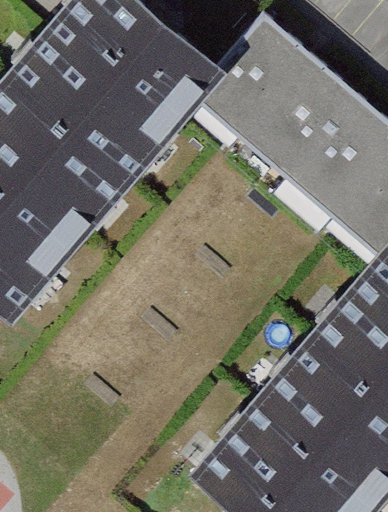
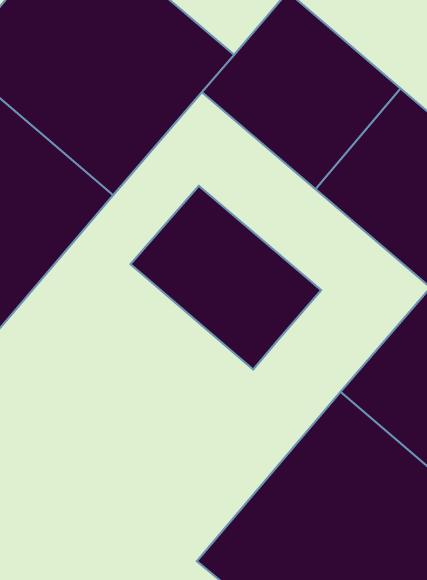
building: none -> [131,186,321,370]

